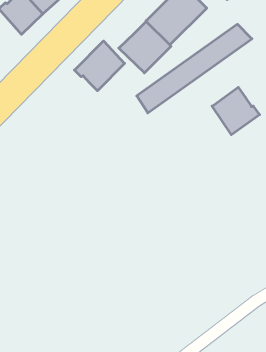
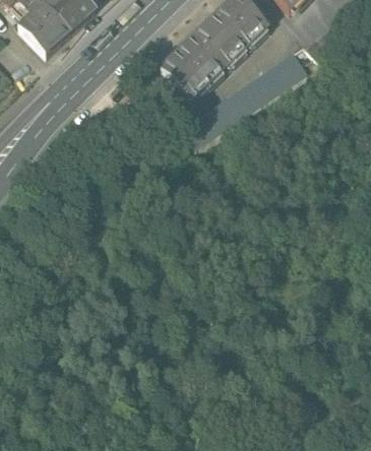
building: [74,41,125,91] -> none
building: [212,87,260,135] -> none

